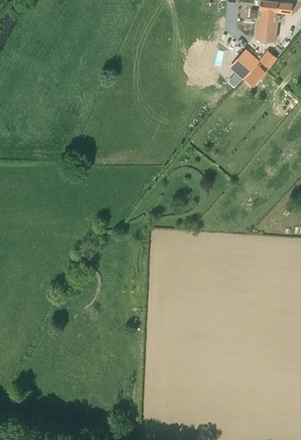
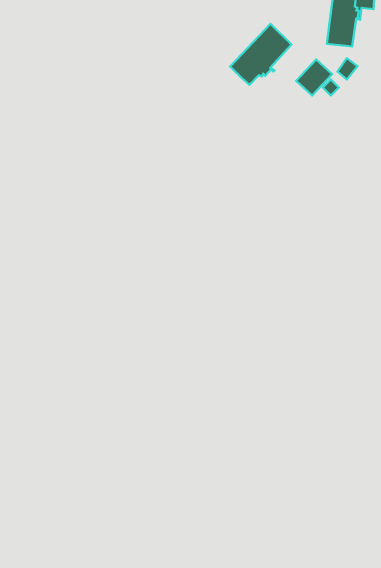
building: none -> [230,24,292,85]

